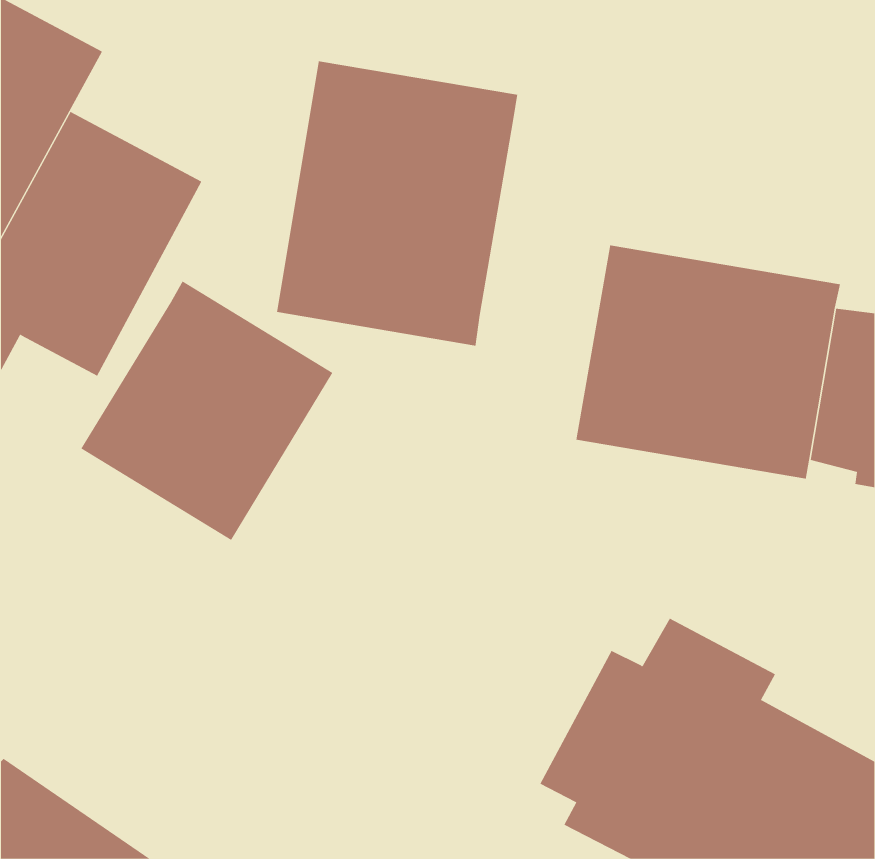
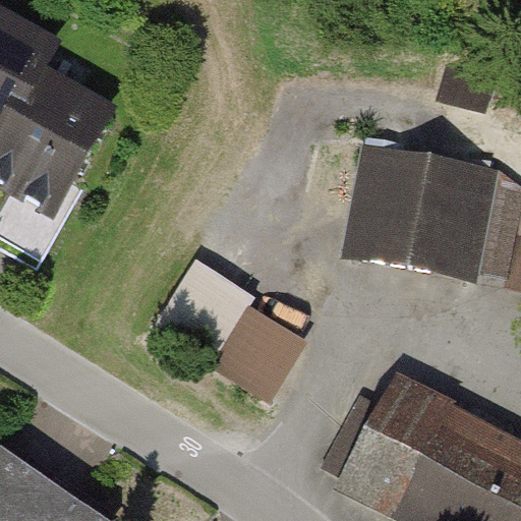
building: [276,60,518,347] -> none
building: [81,281,333,541] -> none
building: none -> [153,258,311,405]

